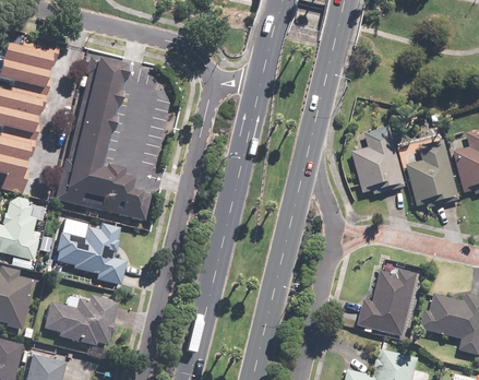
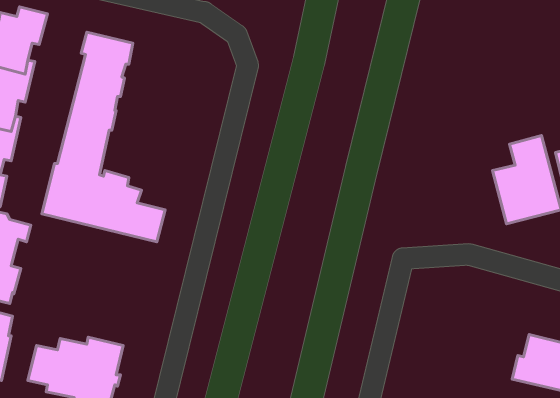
building: [351,126,406,193] -> none
building: [56,223,127,285] -> none
building: [358,269,418,334] -> none

